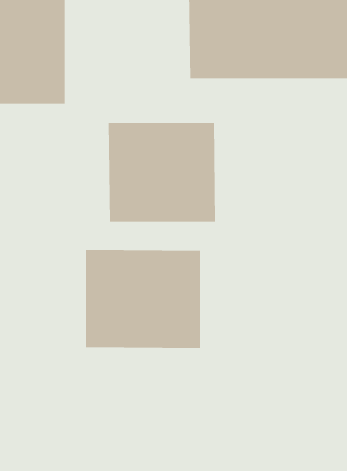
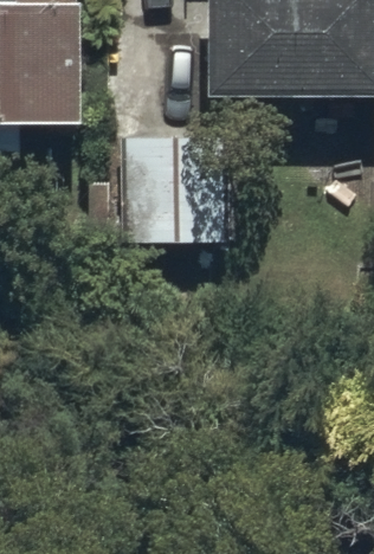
building: [85,249,201,349] -> none

